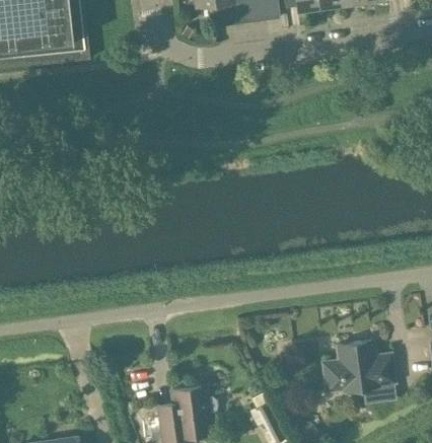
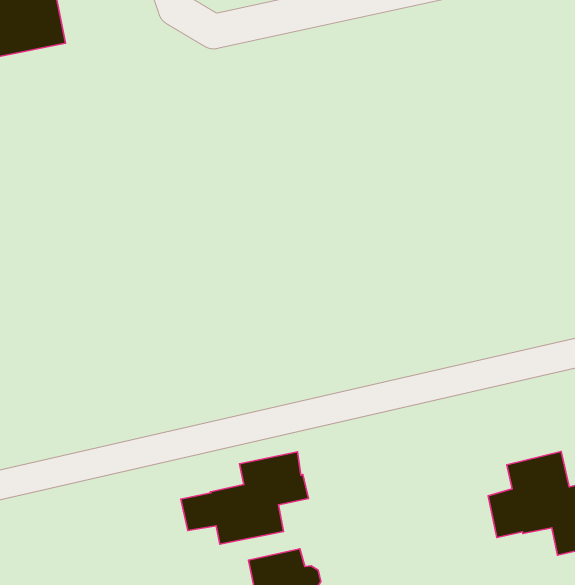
building: none -> [181,452,309,544]

